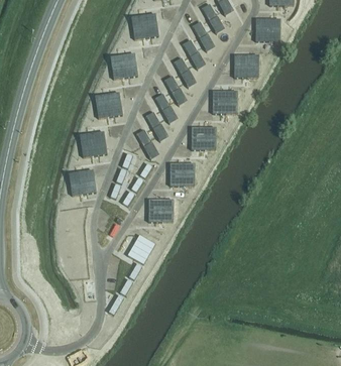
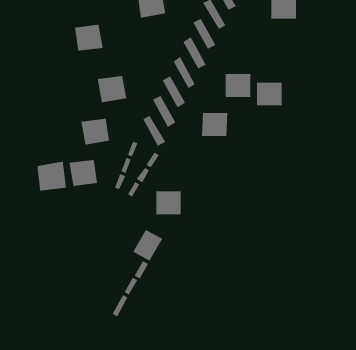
building: [110,52,137,78] -> [74,24,104,51]
building: [234,53,258,76] -> [256,82,282,106]
building: [169,162,194,185] -> none
building: none -> [37,161,66,192]

